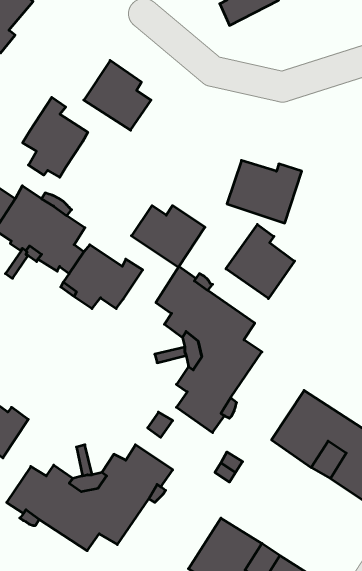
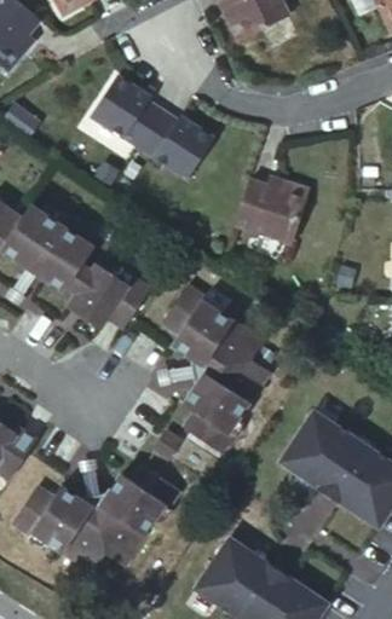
building: [23,97,88,177] -> none
building: [131,206,205,267] -> [138,118,212,180]
building: [226,224,295,299] -> none

